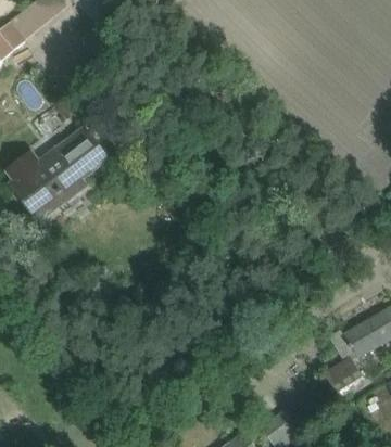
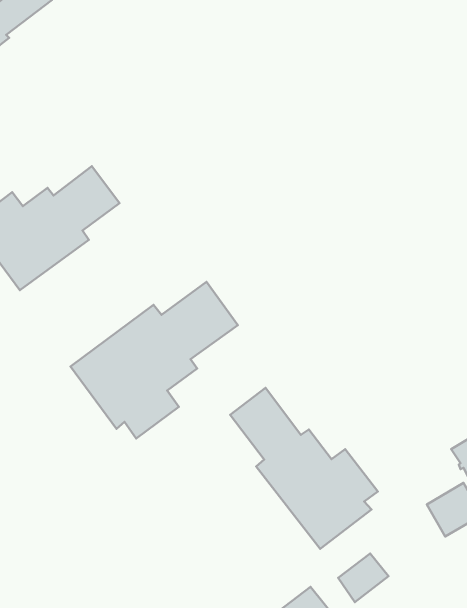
building: none -> [71,282,238,438]
building: none -> [230,388,378,549]

